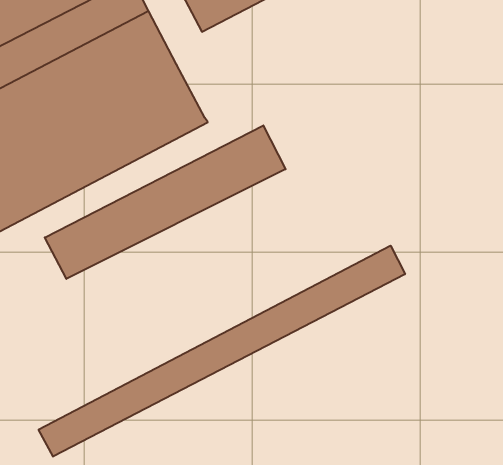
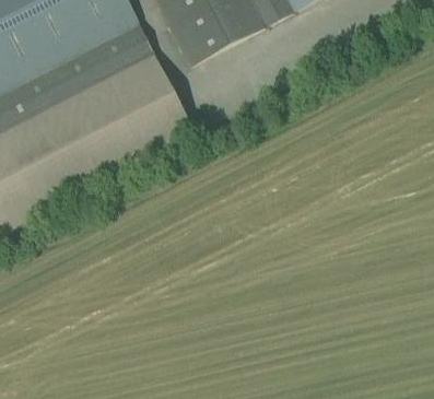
building: [45,125,286,279] -> none
building: [39,246,405,457] -> none

